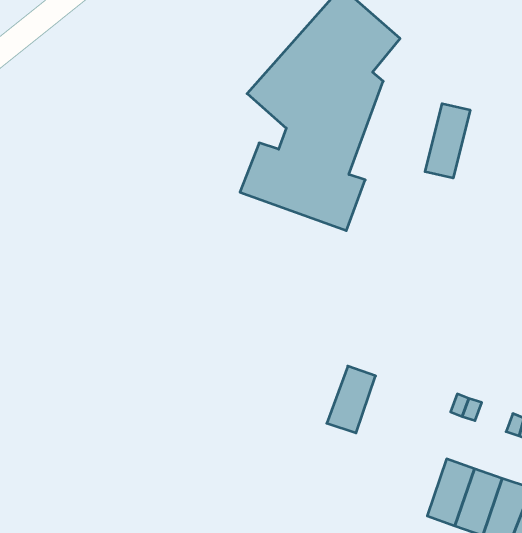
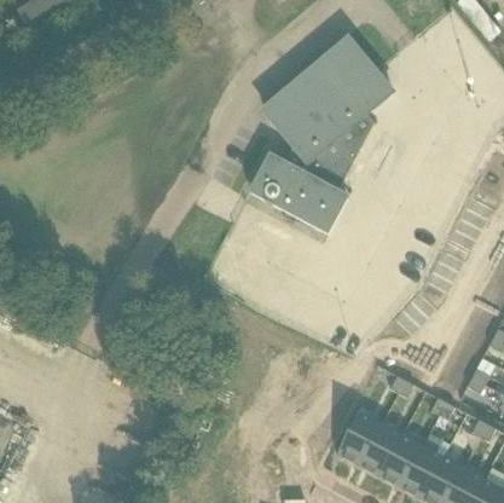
building: [425,104,470,178] -> none
building: [327,366,376,433] -> [335,410,378,463]

